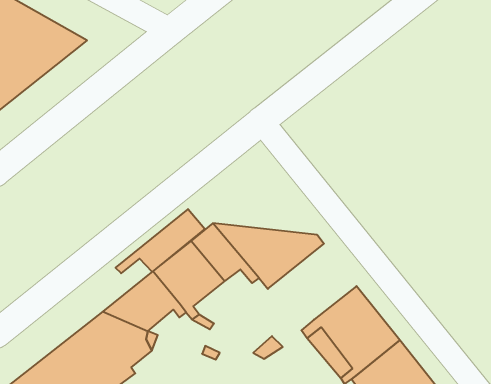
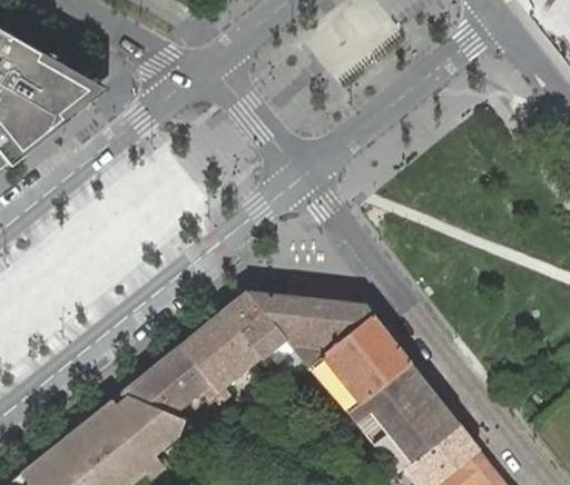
building: [116,209,205,273] -> none
building: none -> [308,315,409,413]

